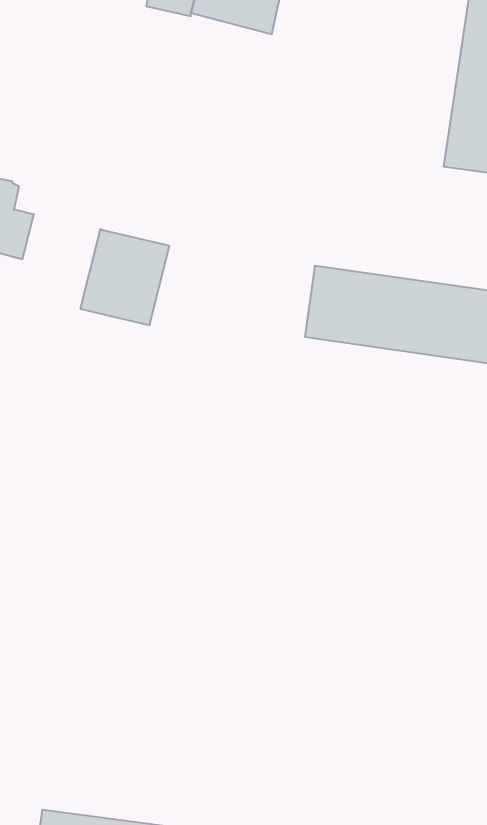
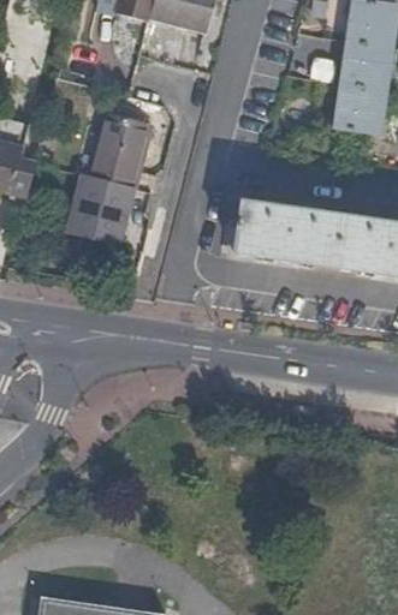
building: none -> [89,111,150,186]

